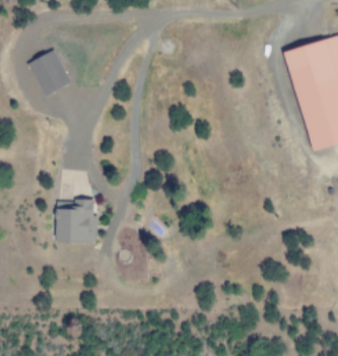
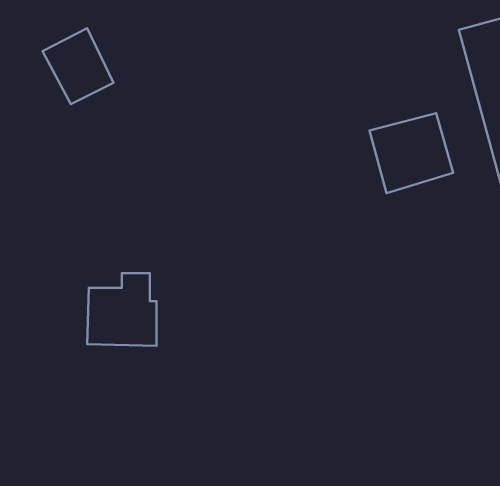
building: none -> [370,113,453,193]

